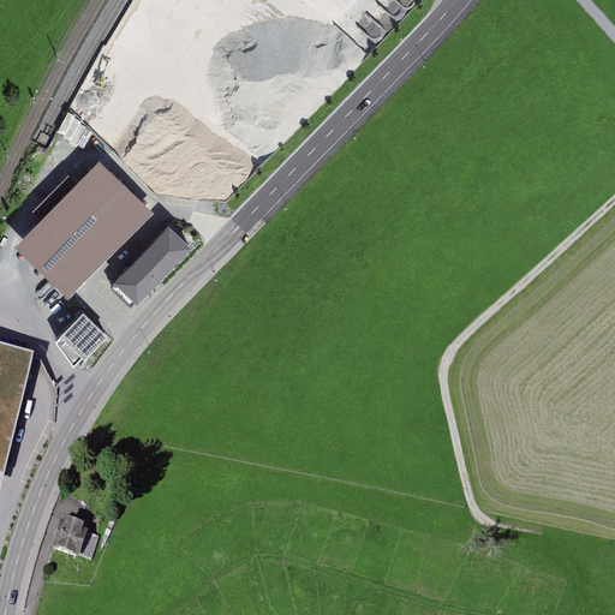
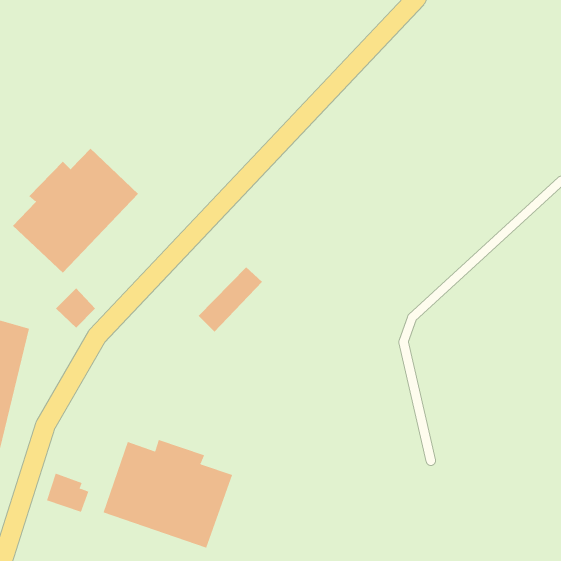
building: [112,232,183,304] -> [198,266,263,333]
building: none -> [103,439,233,549]

